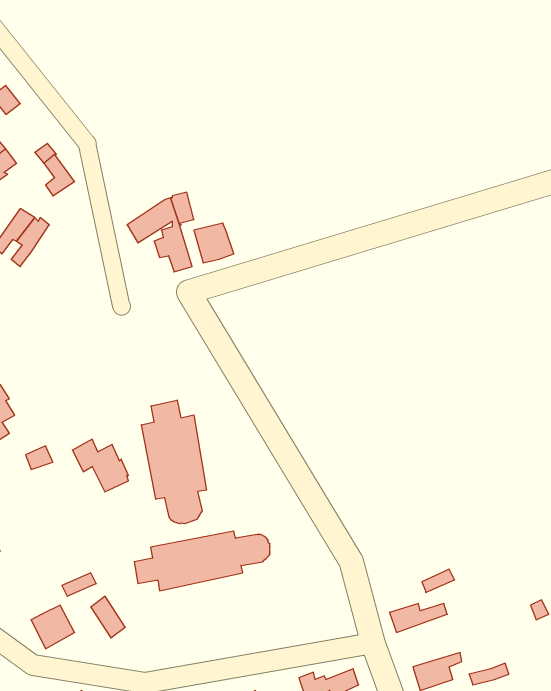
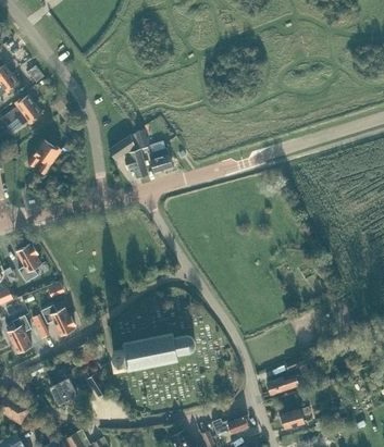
building: [141,400,206,524] -> none
building: [72,439,128,492] -> [40,305,74,336]

